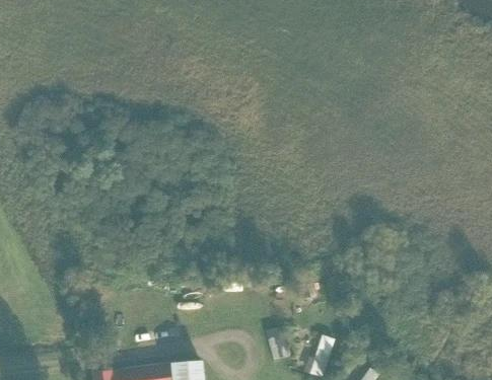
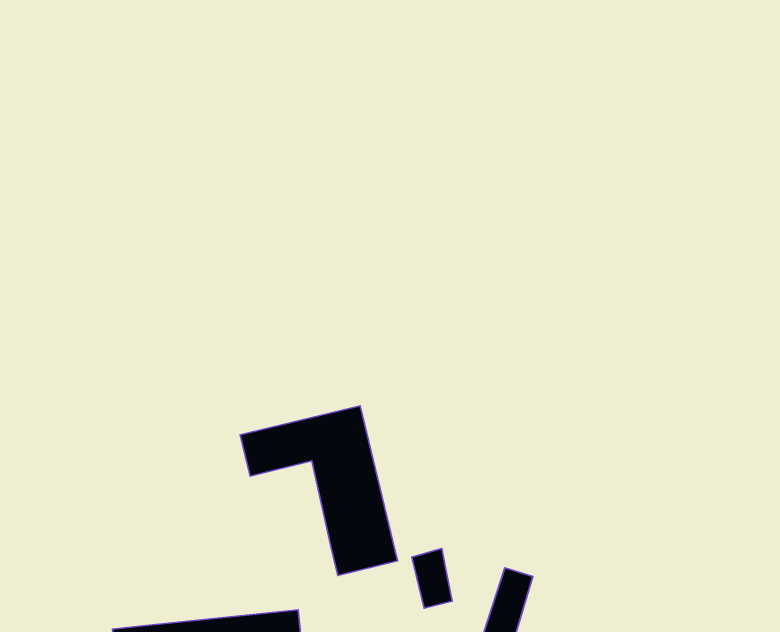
building: none -> [240,406,398,576]

